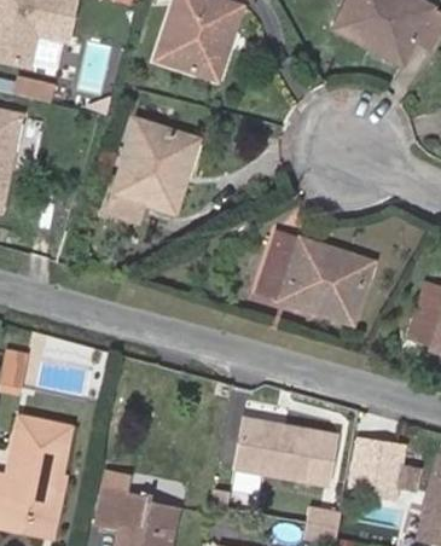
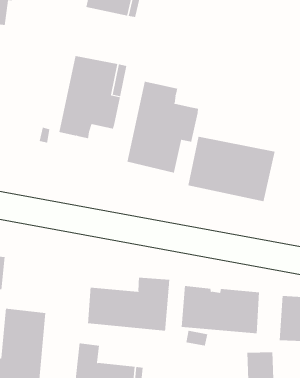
building: none -> [127,81,199,174]
building: none -> [88,277,170,332]

